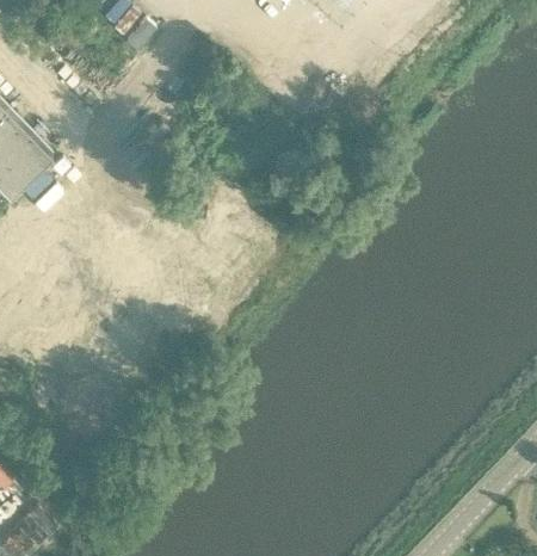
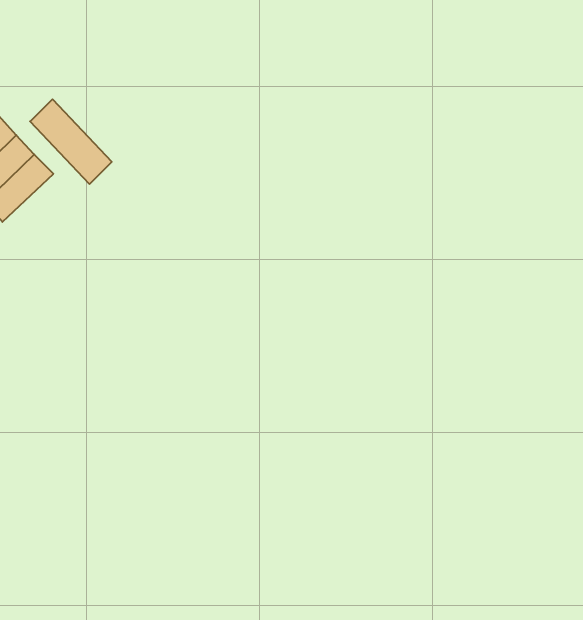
building: none -> [30,99,112,184]

